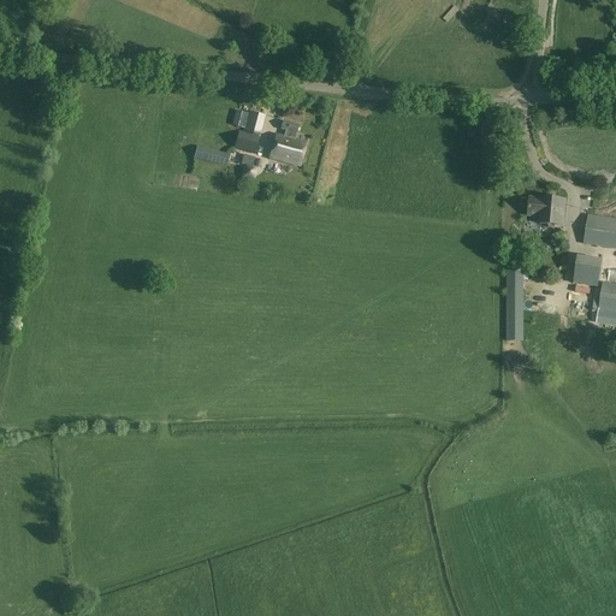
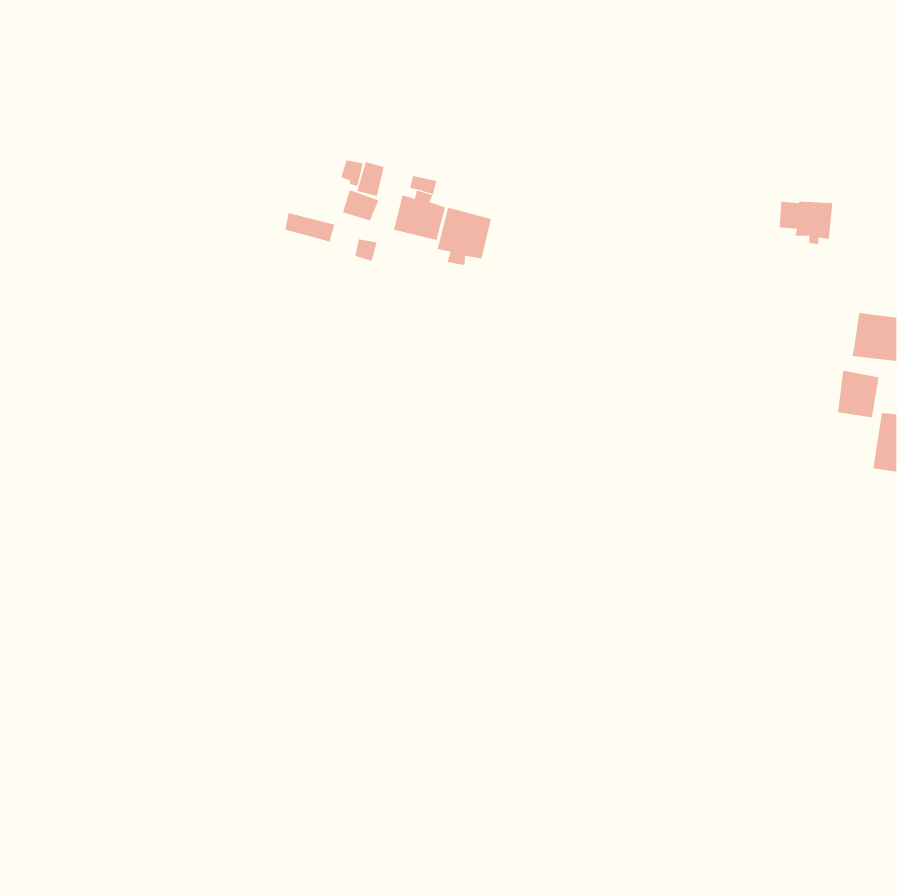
building: none -> [437,207,492,266]
building: [528,197,565,227] -> [779,201,833,245]
building: [507,270,523,340] -> none

